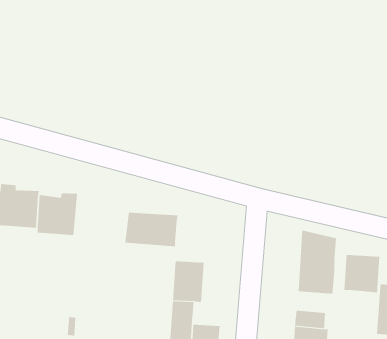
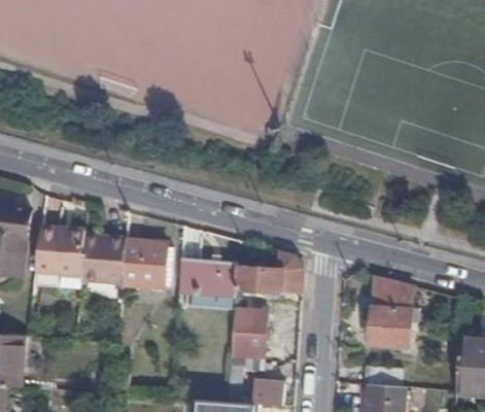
building: none -> [122,239,167,287]
building: none -> [234,251,302,296]
building: [344,254,380,293] -> none

